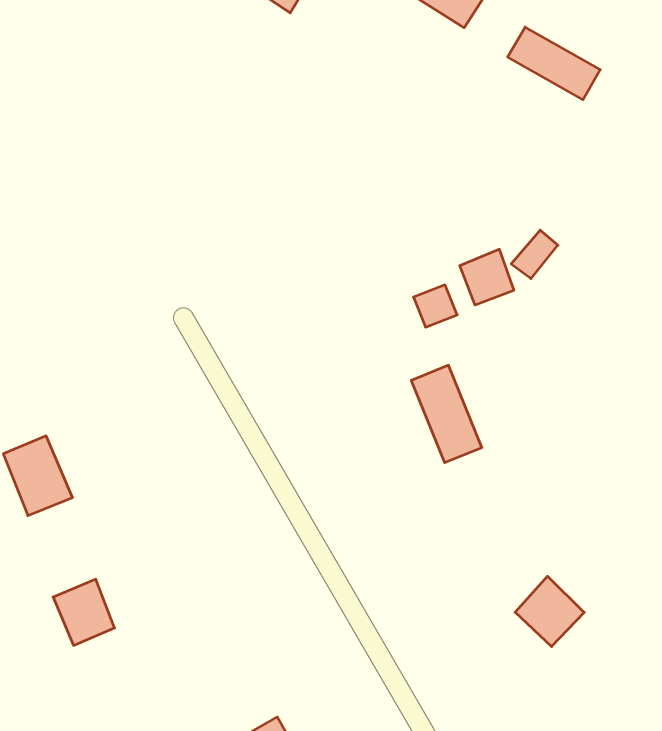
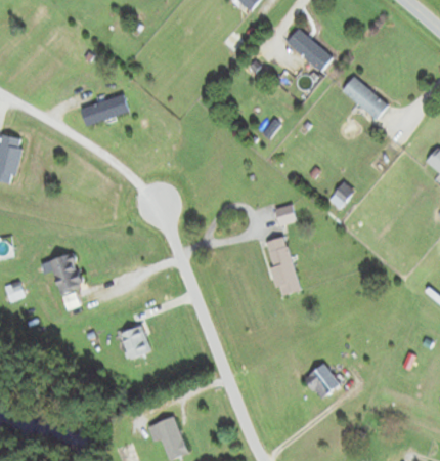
building: none -> [79,93,129,125]
building: [460,249,514,305] -> none
building: [53,579,115,645] -> [120,326,149,359]

